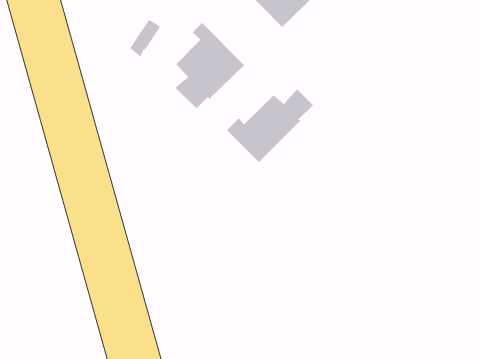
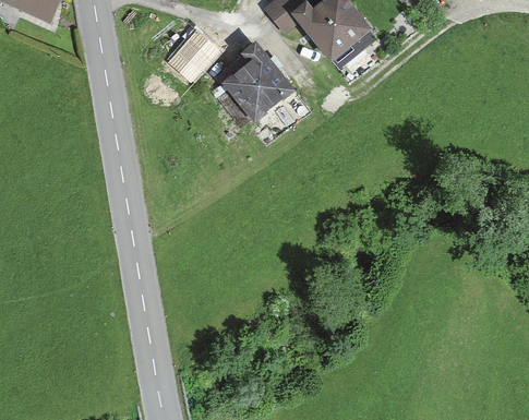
building: [226,88,314,163] -> none

